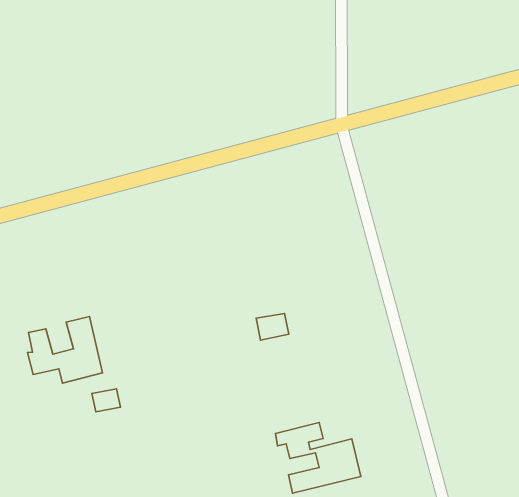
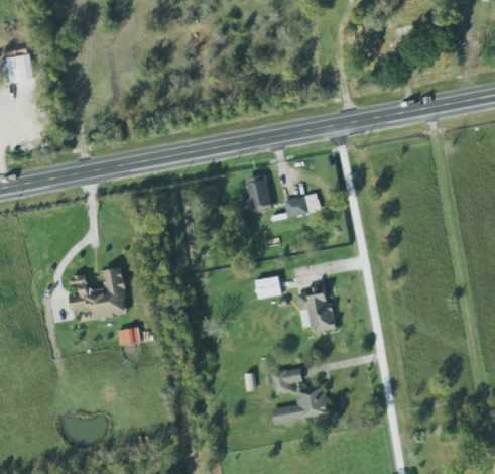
building: none -> [240,174,271,216]
building: none -> [284,197,308,217]
building: none -> [297,287,336,332]

